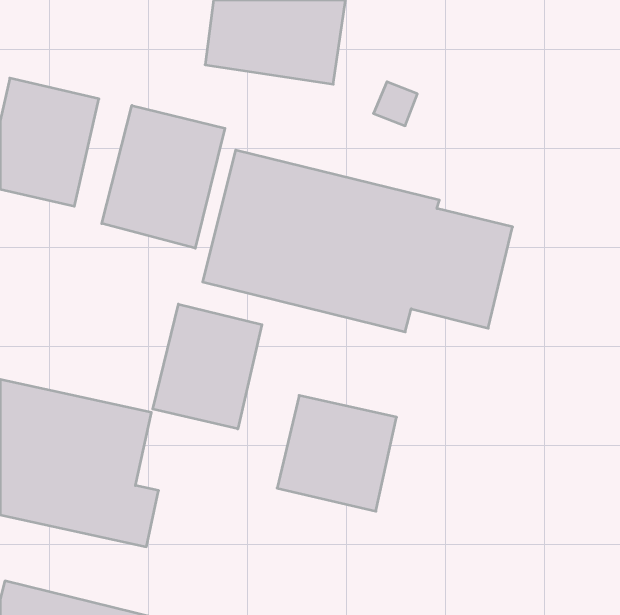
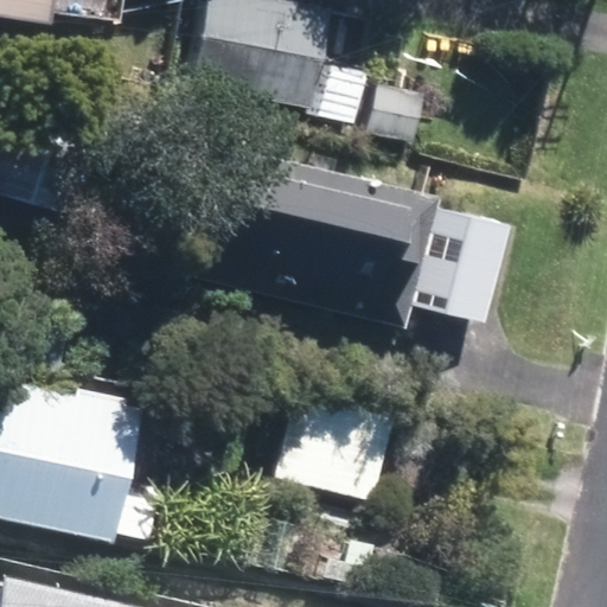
building: [102,105,225,248] -> none
building: [153,304,262,429] -> none

